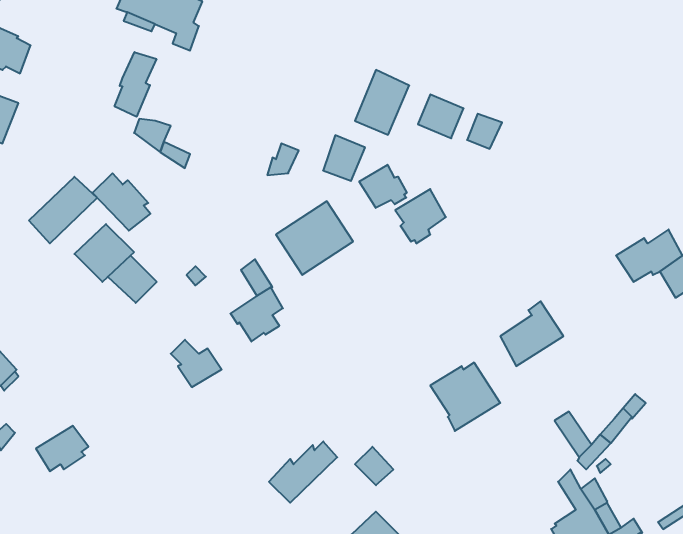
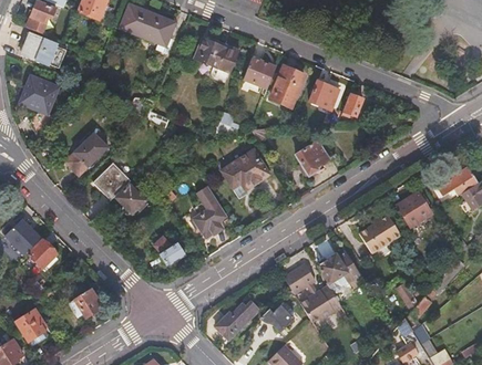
building: none -> [194,38,238,71]
building: [115,52,156,117] -> none
building: [323,135,365,181] -> [244,56,270,85]
building: [359,165,407,208] -> none
building: [92,173,150,231] -> none
building: none -> [397,190,432,226]
building: none -> [285,262,342,321]

